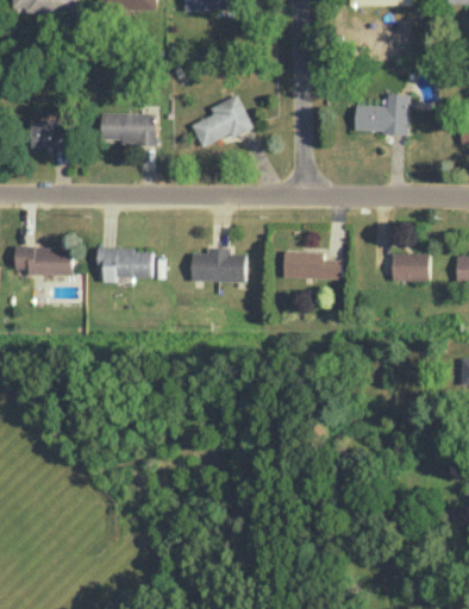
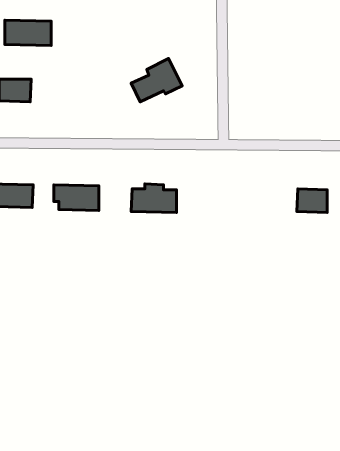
building: [354,93,408,132] -> none
building: [100,112,156,143] -> [5,20,51,46]
building: [283,250,343,278] -> none

